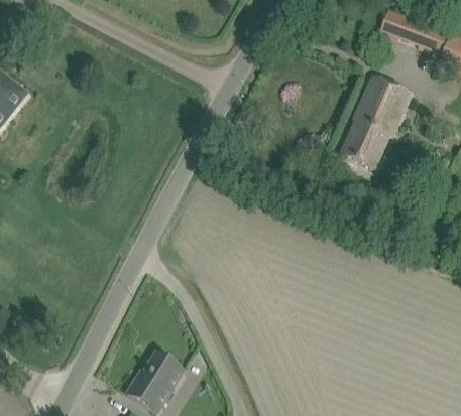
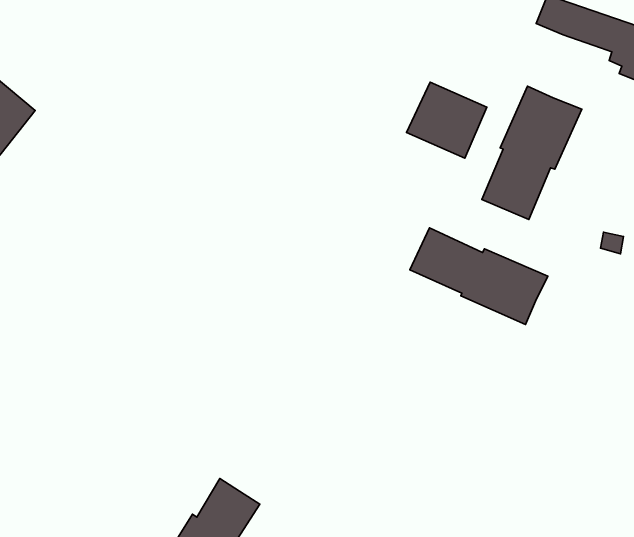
building: none -> [407,82,487,158]
building: none -> [410,228,548,324]

